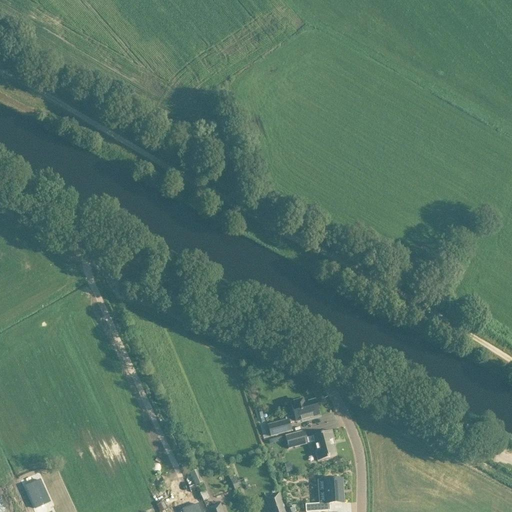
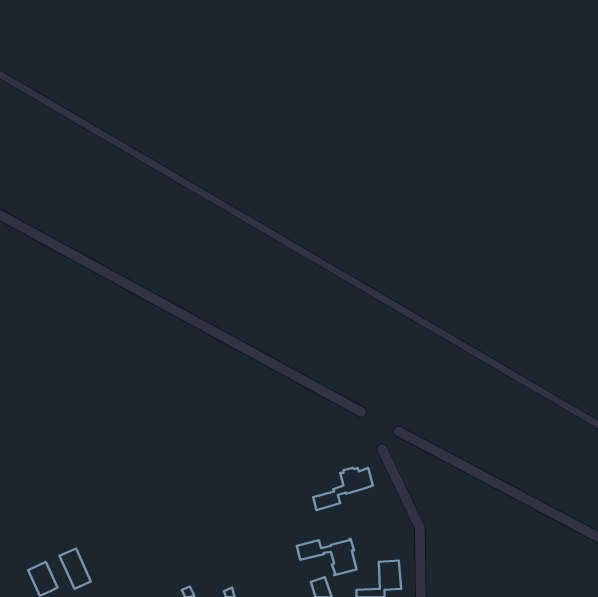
building: [284,429,335,460] -> [297,539,357,575]
building: none -> [60,549,91,589]

